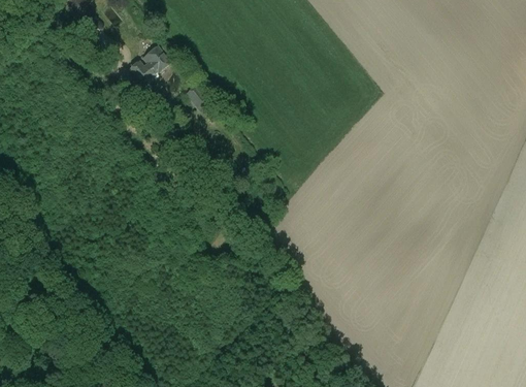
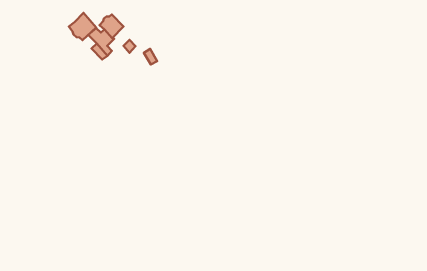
building: none -> [69,13,96,40]

